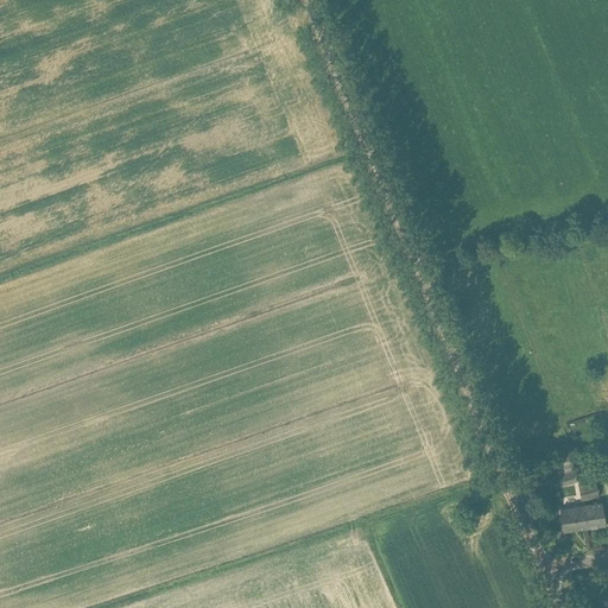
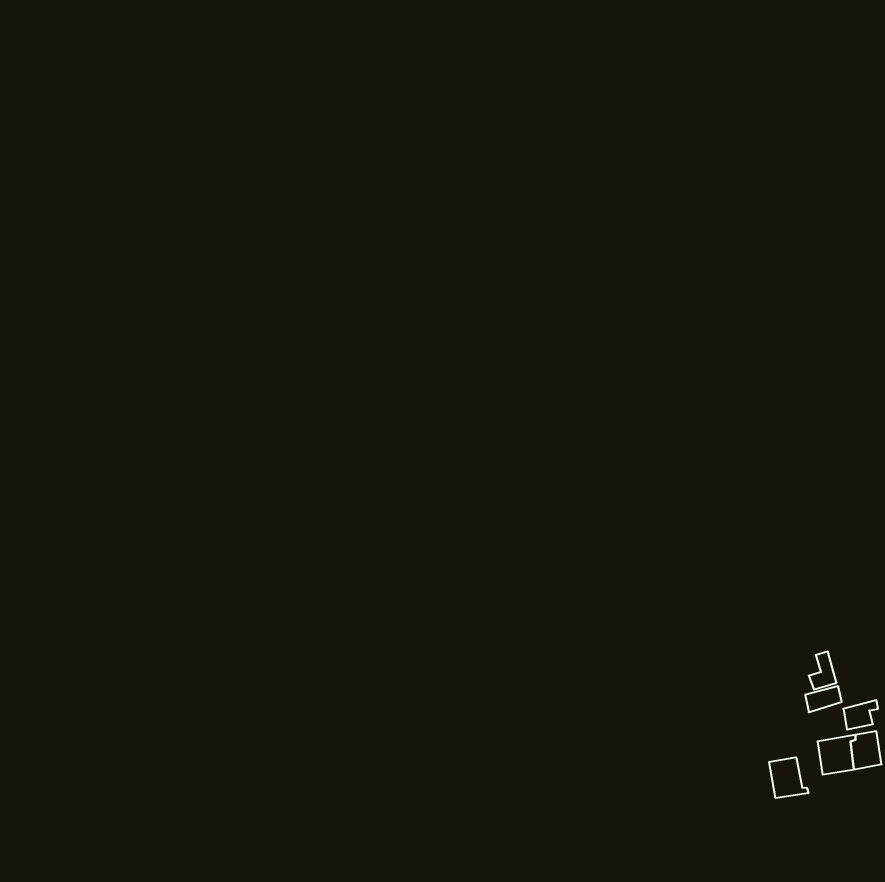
building: none -> [769,757,808,798]

